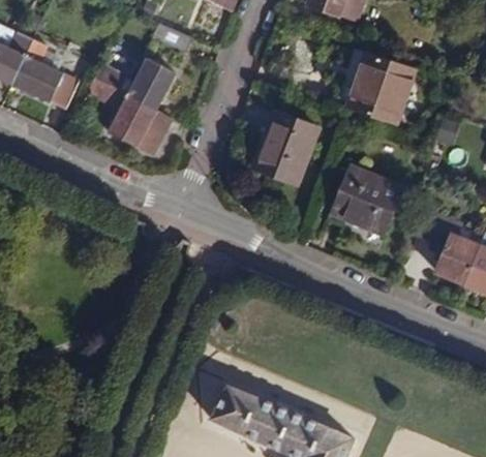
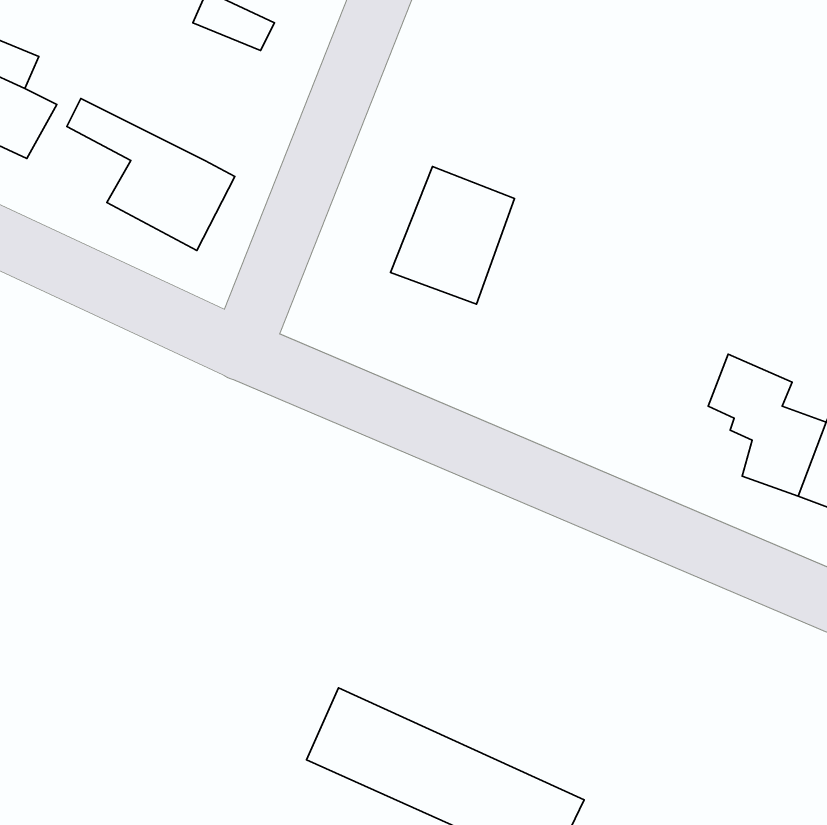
building: [335,47,416,125] -> none
building: [93,58,176,110] -> none
building: [330,165,404,238] -> none

